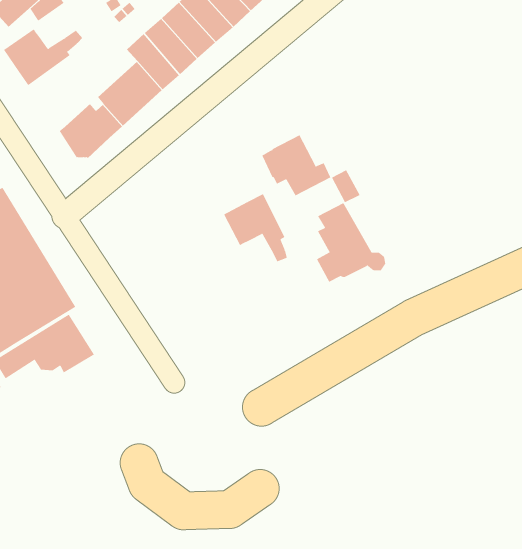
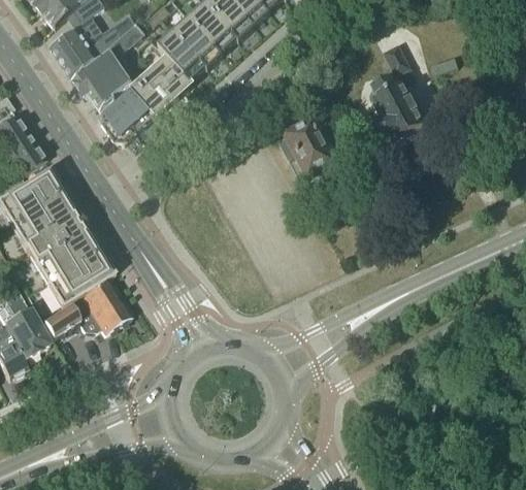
building: none -> [72,22,144,107]
building: [316,169,386,282] -> [370,42,432,142]
building: [223,193,288,262] -> none

